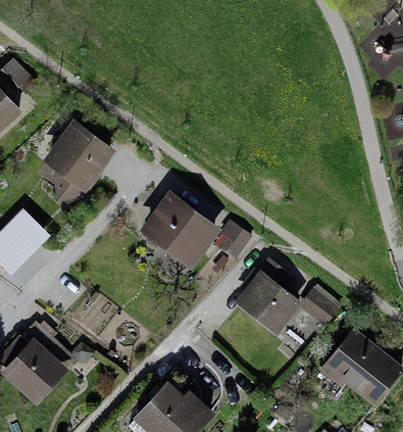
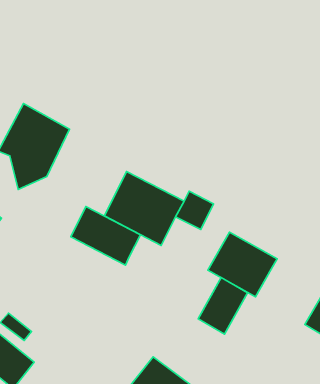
building: none -> [71,206,141,265]
building: [298,289,339,328] -> none
building: none -> [198,278,248,334]

